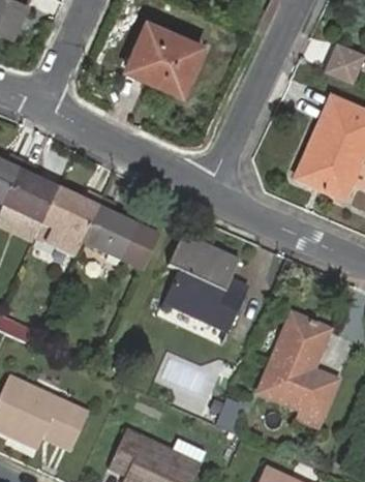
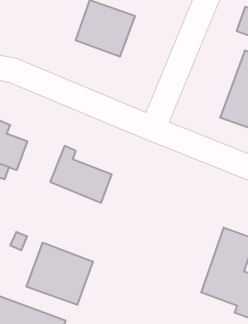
building: [34,189,102,258] -> none
building: [162,235,245,332] -> none
building: none -> [26,243,93,305]

